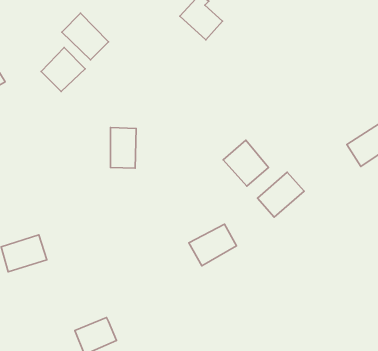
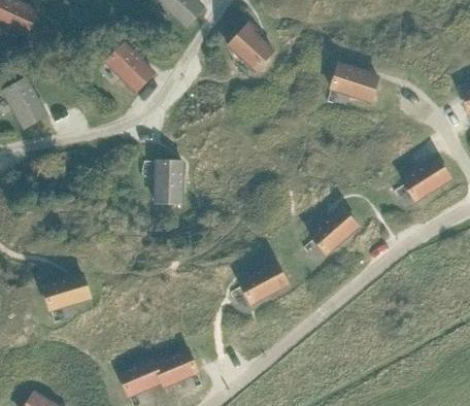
building: none -> [330,64,377,101]
building: [41,48,85,92] -> none
building: [223,140,268,186] -> none
building: none -> [154,348,197,386]

